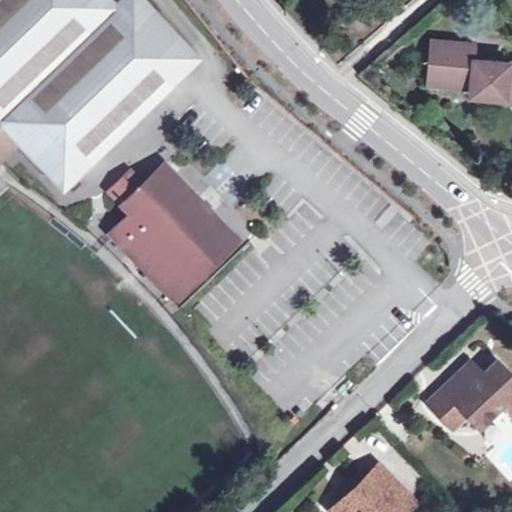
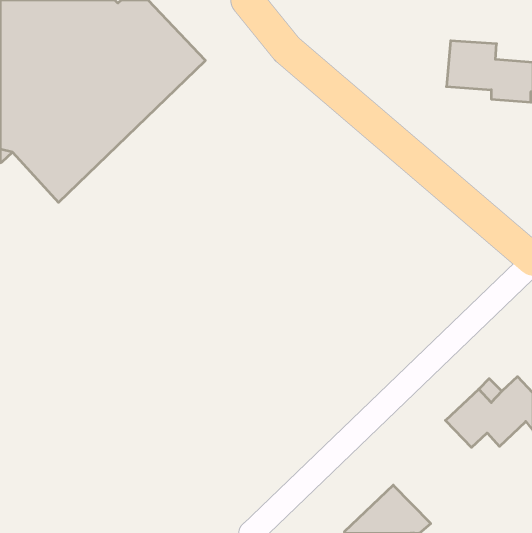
building: [109,164,234,297] -> none

